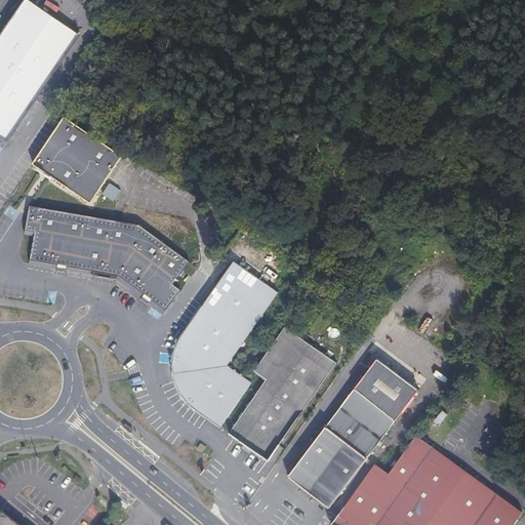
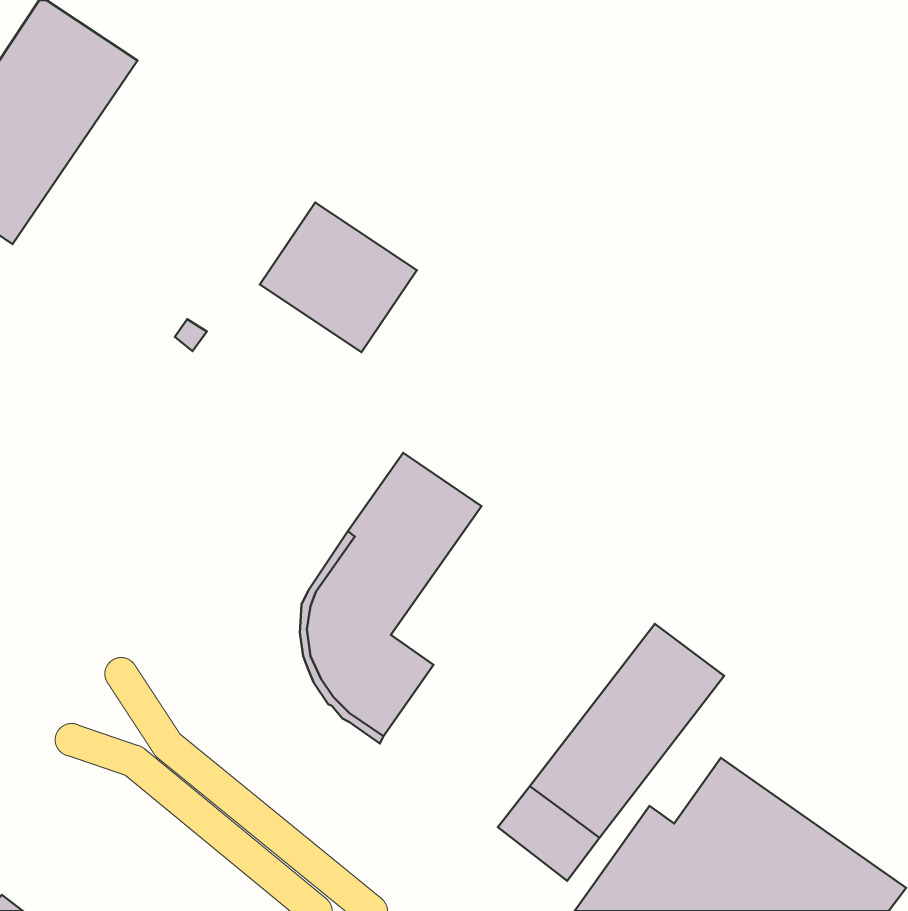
building: [31,117,121,203] -> [260,202,417,352]
building: [25,206,187,308] -> none
building: [228,326,335,460] -> none

